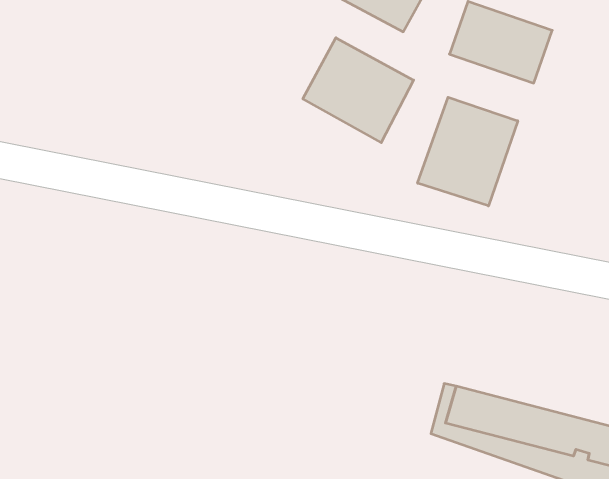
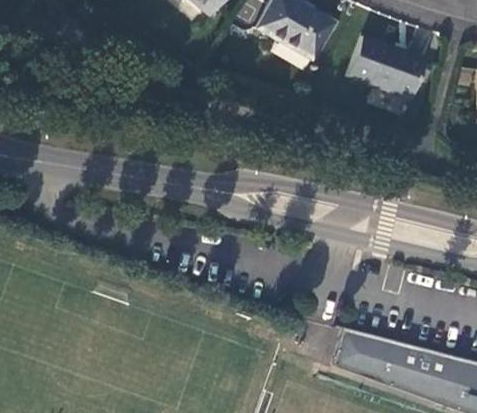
building: [303,38,414,143] -> none
building: [418,97,518,206] -> none

